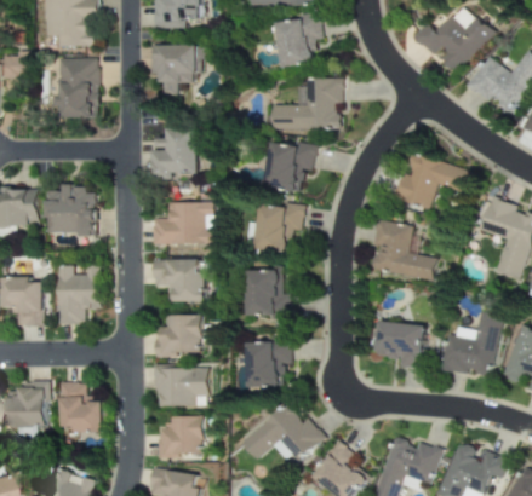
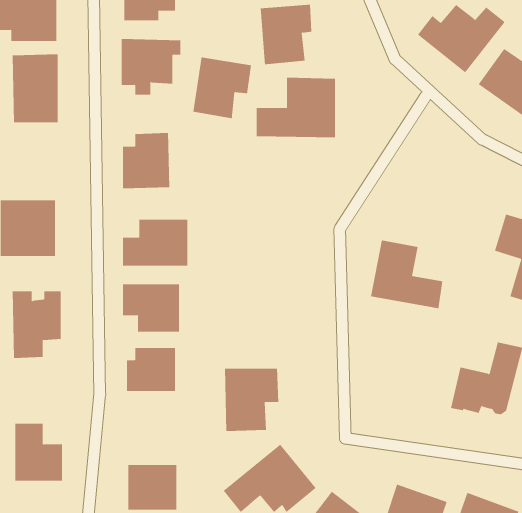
building: [263,139,315,194] -> [193,57,252,119]
building: [397,152,473,209] -> none
building: [254,202,303,252] -> none
building: [245,270,292,319] -> none
building: [379,318,429,368] -> none
building: [155,367,206,405] -> none

